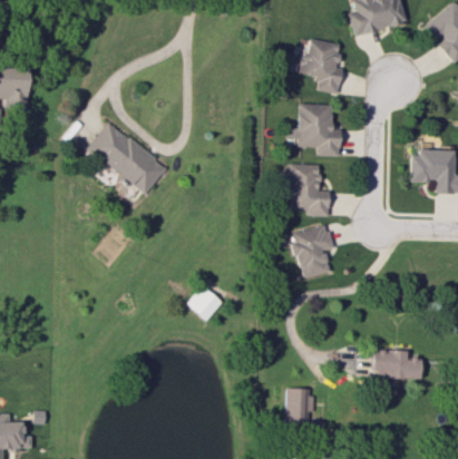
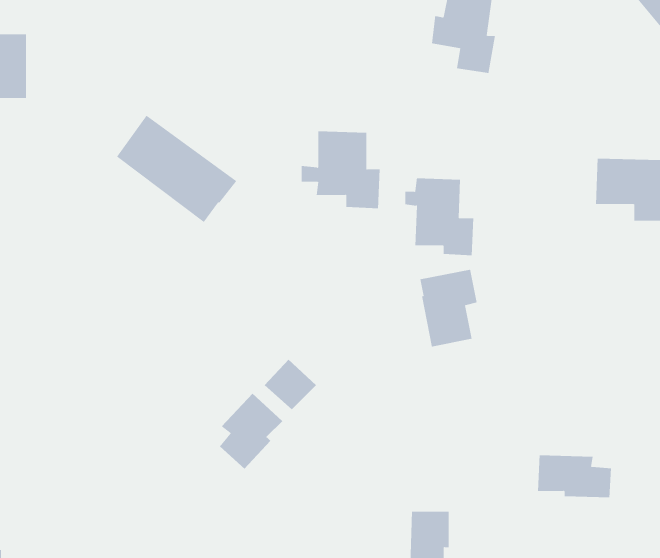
building: [288,104,341,156] -> [301,131,380,209]
building: none -> [219,393,283,469]

